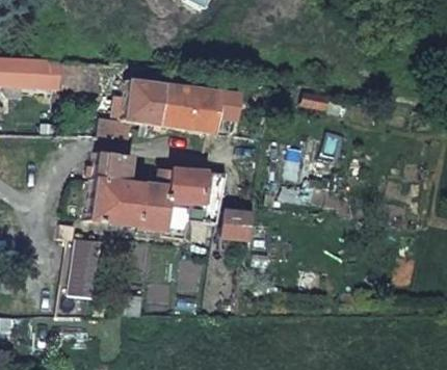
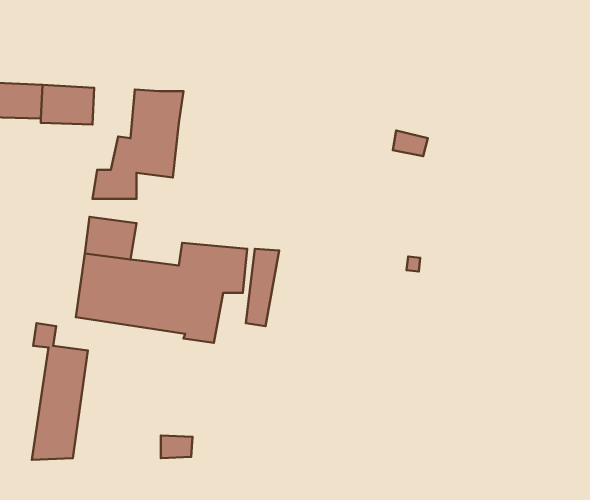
building: [154,86,233,135] -> none
building: [219,211,252,252] -> none

